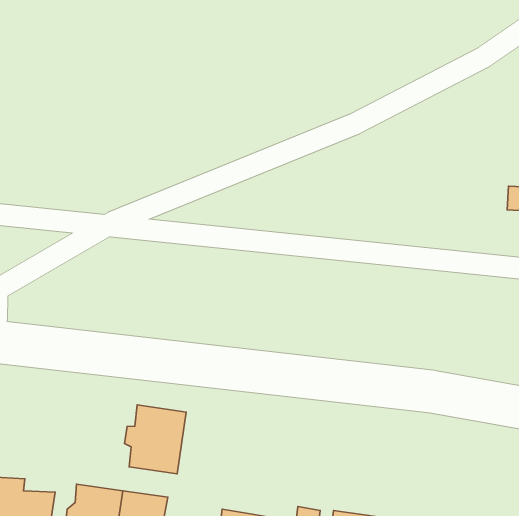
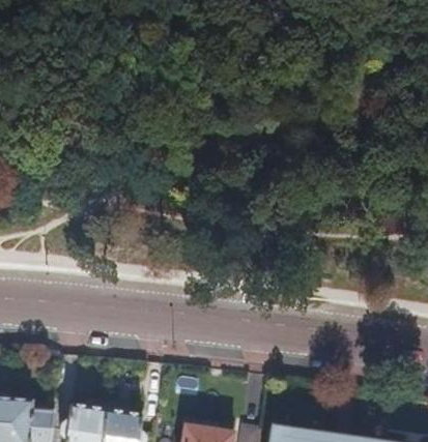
building: [125,405,186,474] -> none

